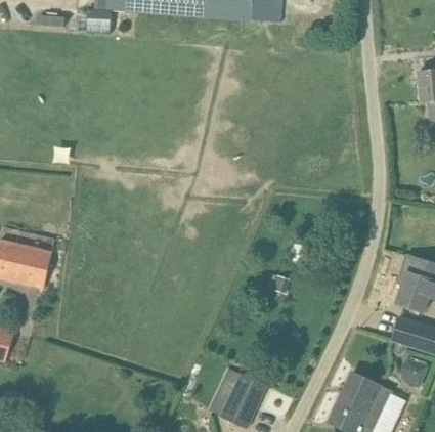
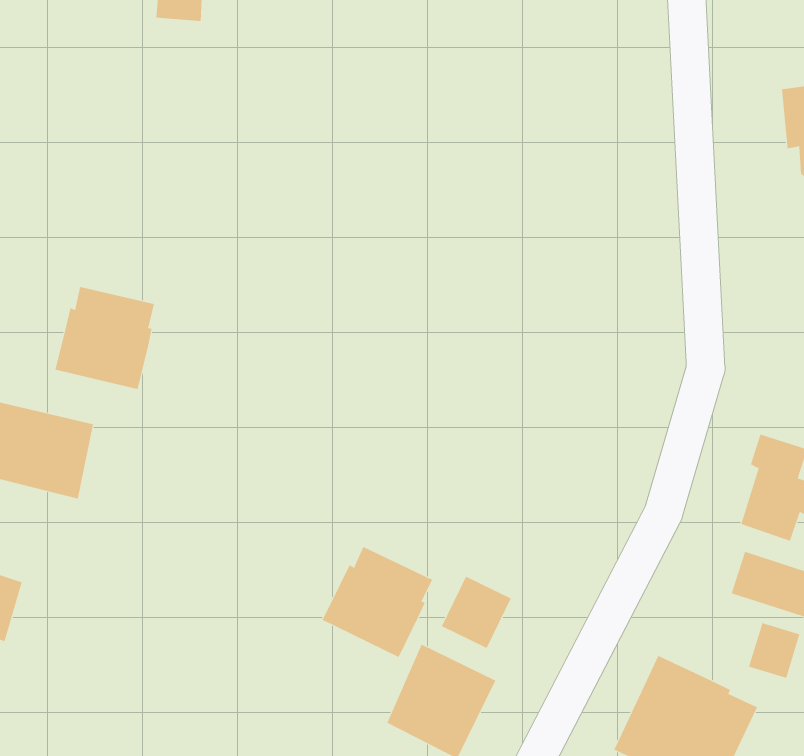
building: none -> [55,286,154,390]
building: none -> [322,546,433,658]
building: none -> [441,576,511,649]

